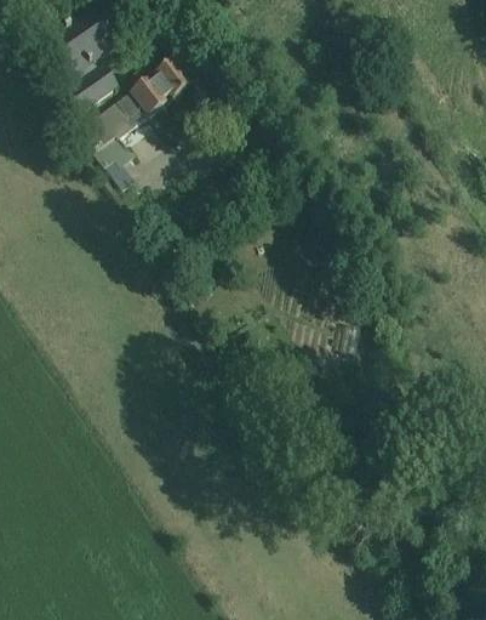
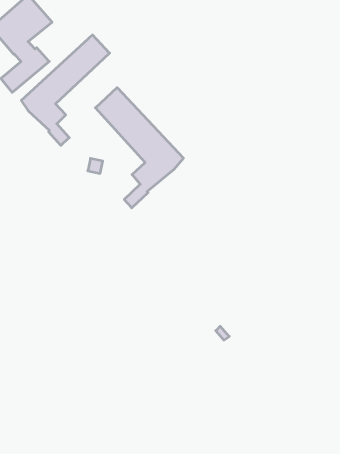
building: none -> [95,88,183,208]

